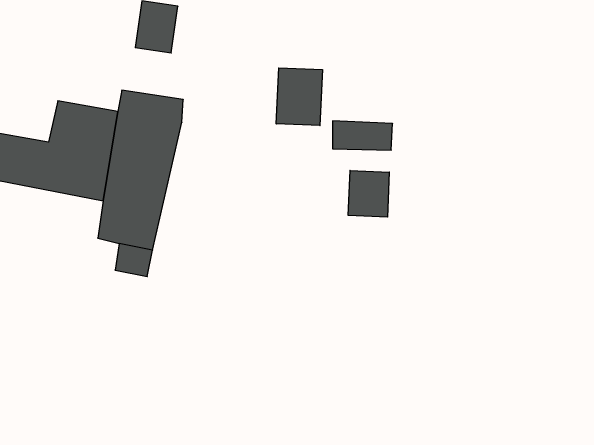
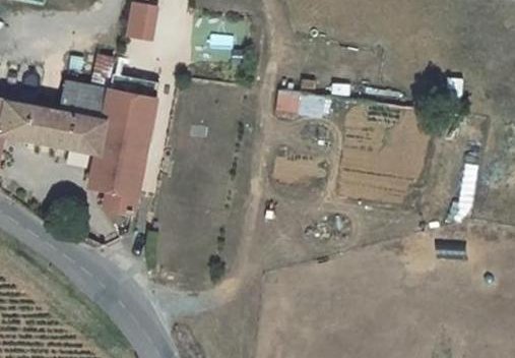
building: [276,68,322,126] -> none
building: [348,170,389,217] -> none

